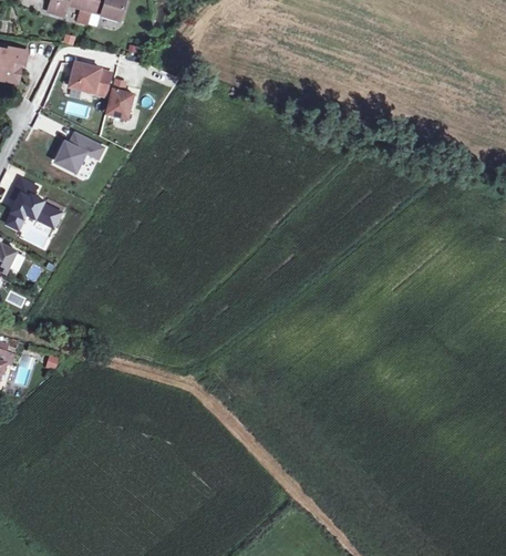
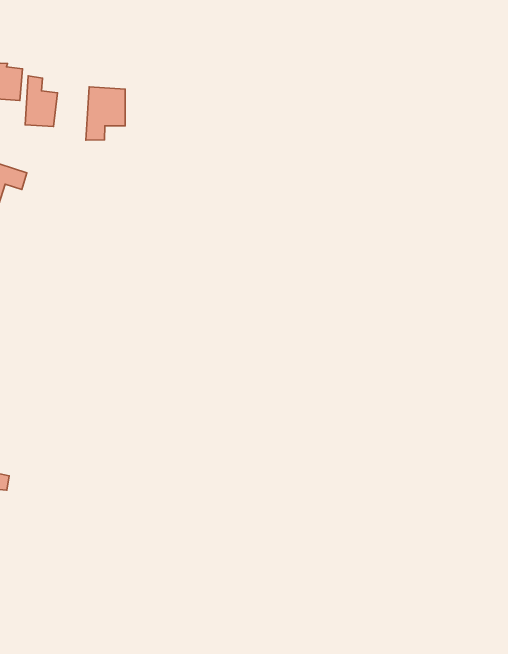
building: none -> [86,87,125,140]

